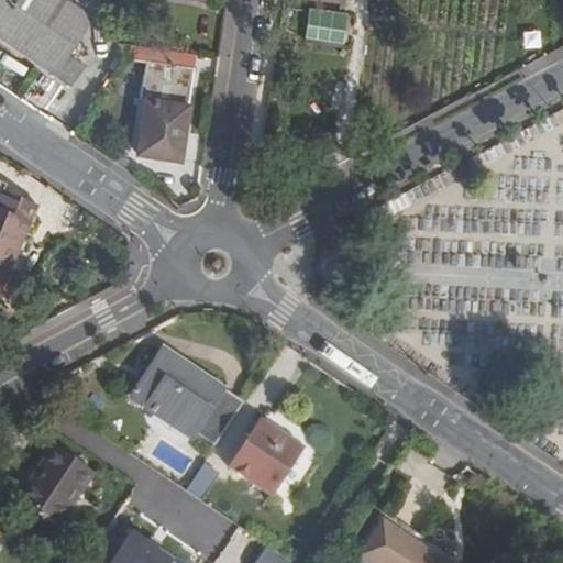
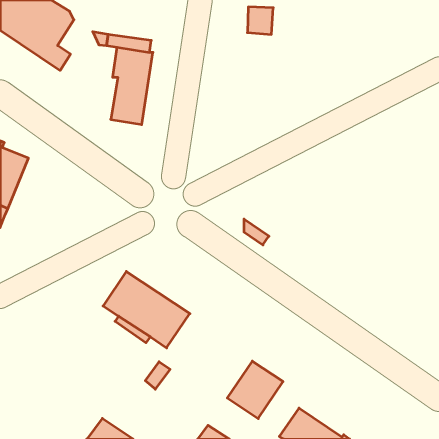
building: [229,420,300,494] -> [227,361,283,419]
building: [16,446,92,526] -> none

